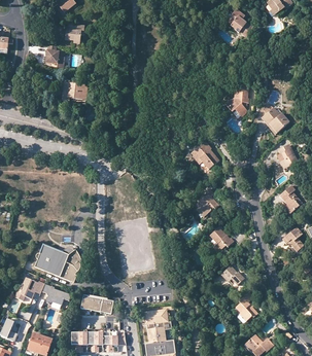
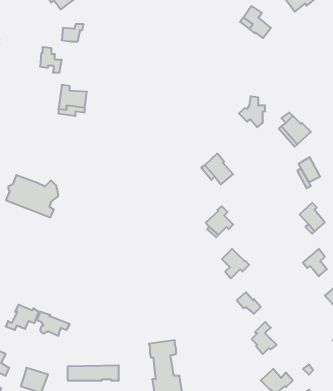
building: [33,244,80,282] -> [6,175,58,217]
building: [80,294,113,313] -> none

